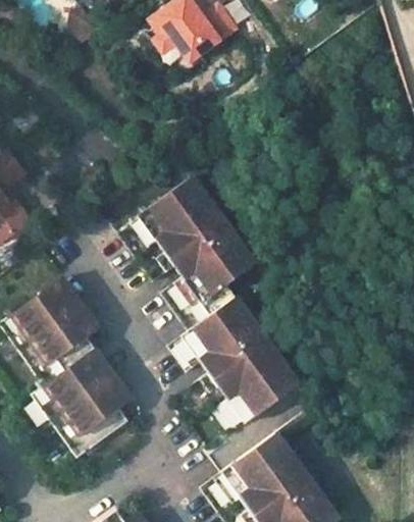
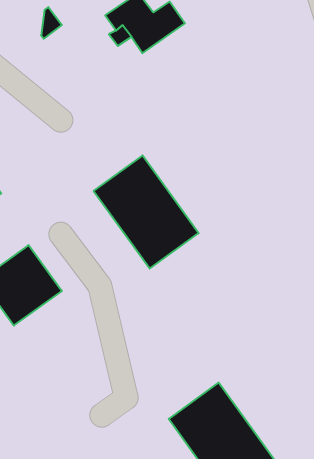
building: [182,298,297,423] -> none
building: [44,351,133,438] -> none

